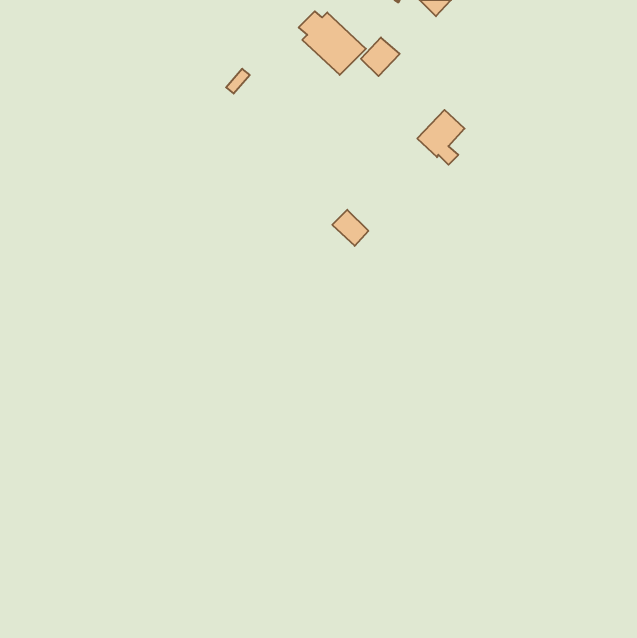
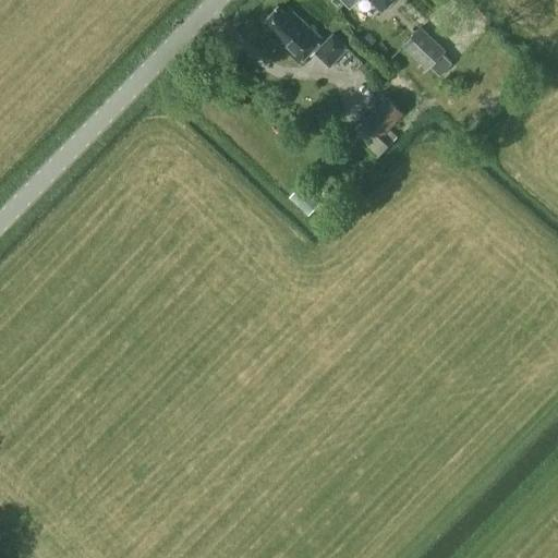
building: none -> [403,25,447,70]

